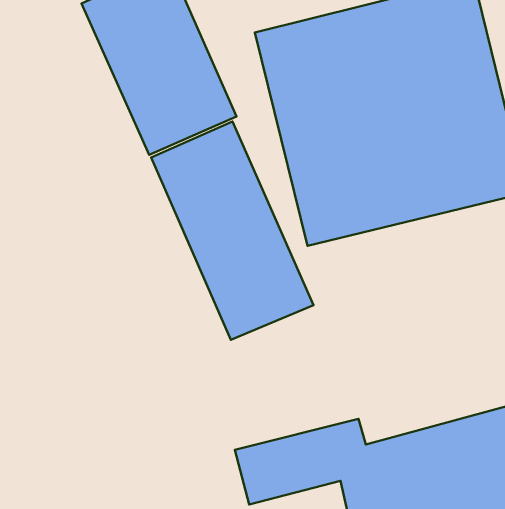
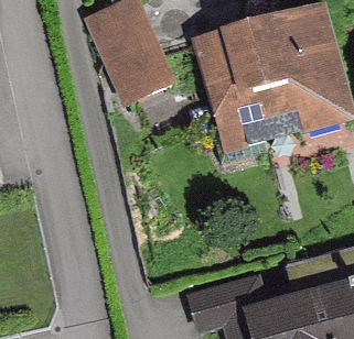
building: [151,121,313,340] -> none

